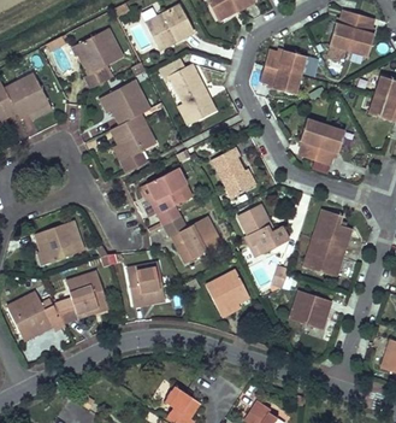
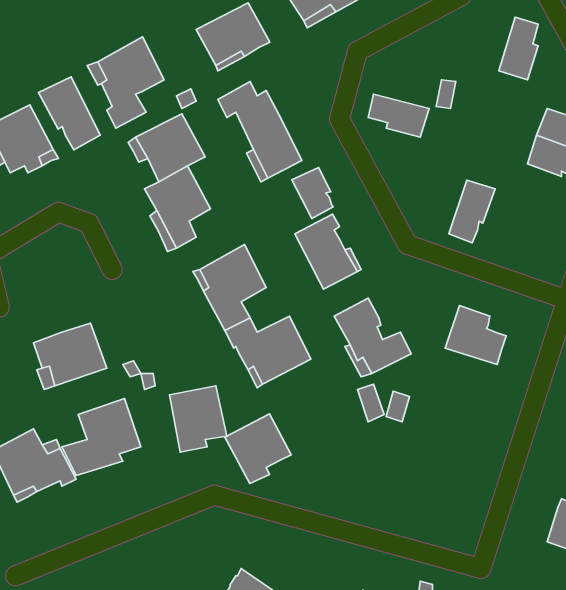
building: [329,10,359,51] -> none
building: [264,49,306,76] -> none
building: none -> [38,77,100,150]
building: none -> [292,167,333,218]
building: [297,118,326,160] -> none
building: [302,237,347,277] -> none
building: [205,270,249,317] -> [225,414,291,484]
building: [289,290,332,330] -> none

